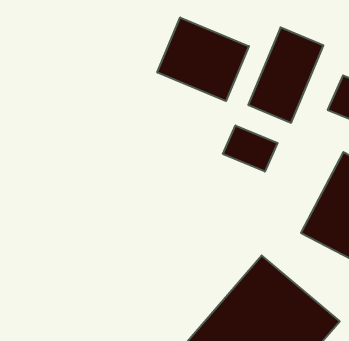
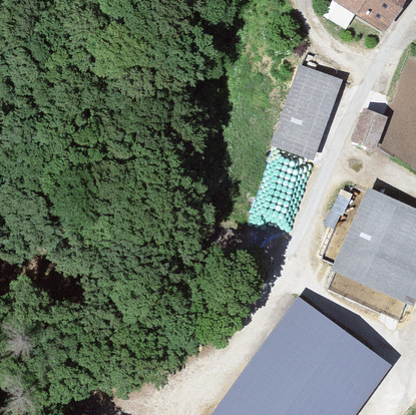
building: [157,17,249,101] -> none
building: [223,125,278,172] -> none

